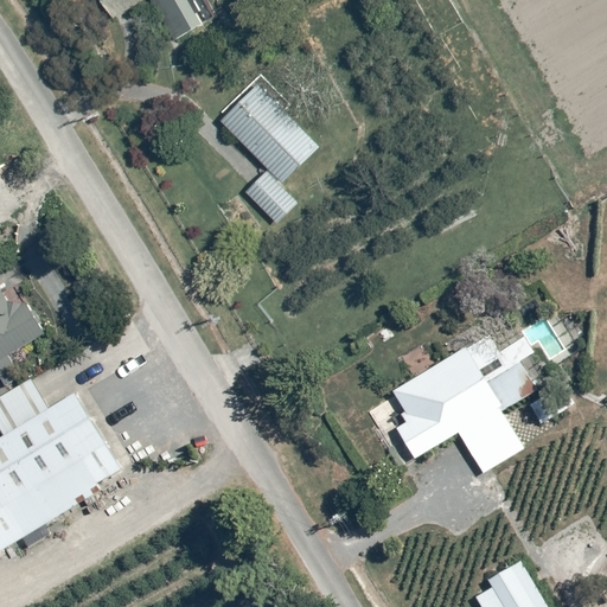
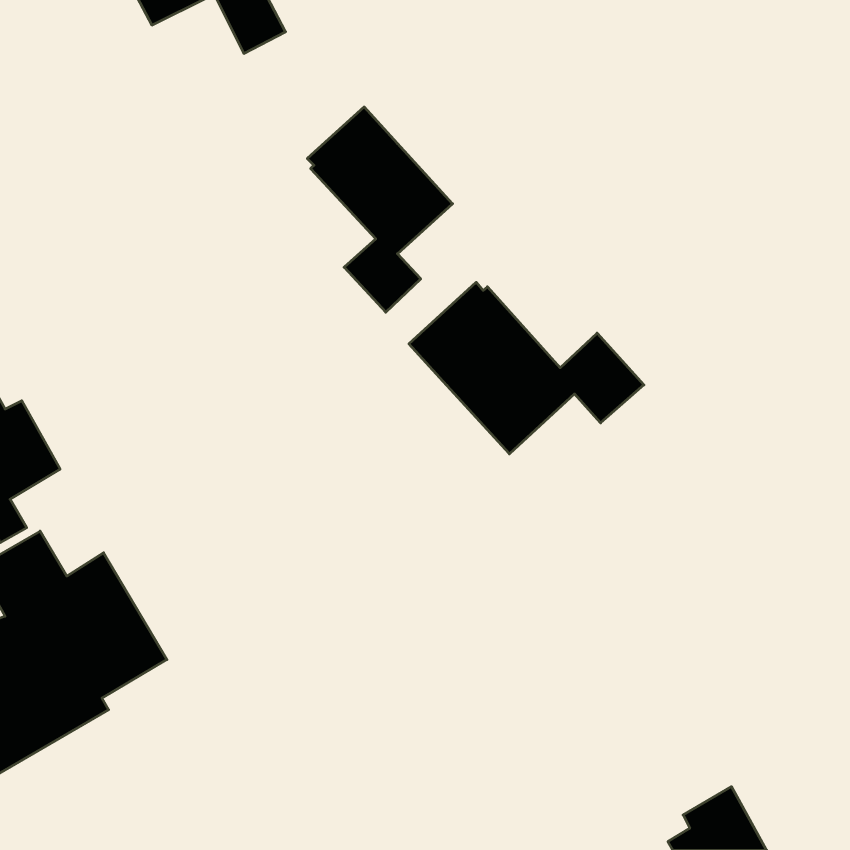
building: none -> [409,282,644,454]
building: [389,330,547,474] -> none

